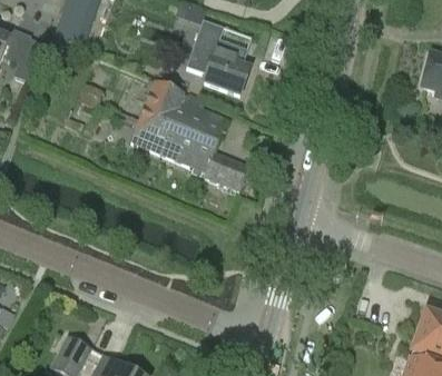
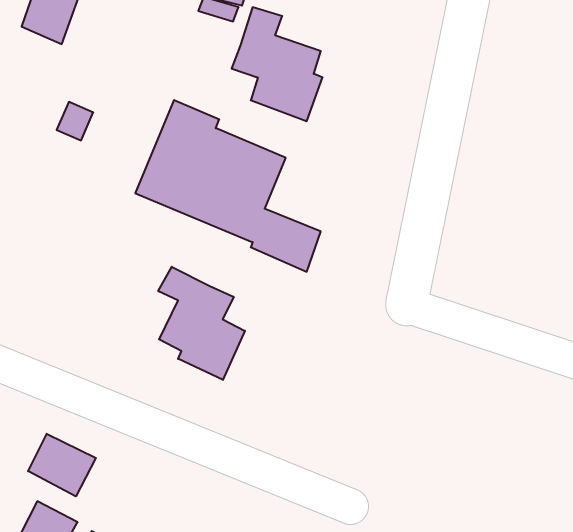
building: none -> [158,267,245,380]
building: none -> [28,434,96,496]

